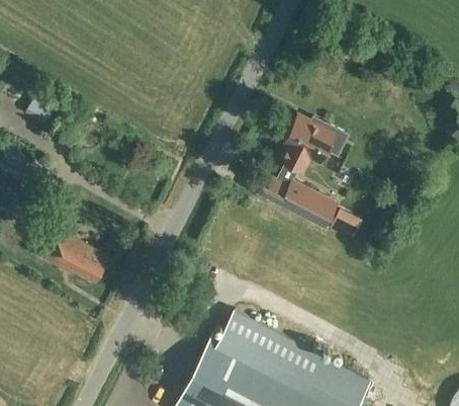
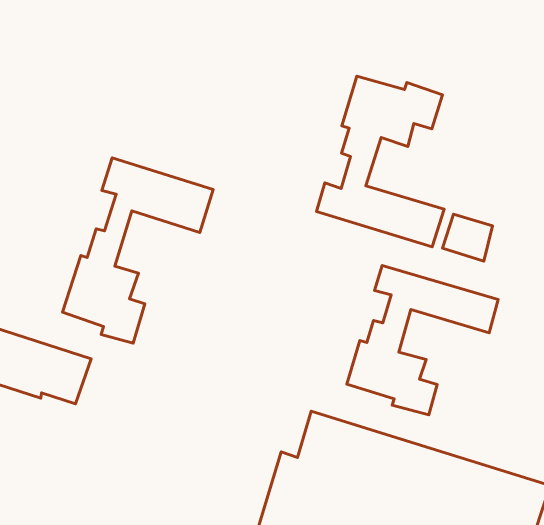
building: none -> [63,158,213,343]
building: none -> [347,265,498,415]

